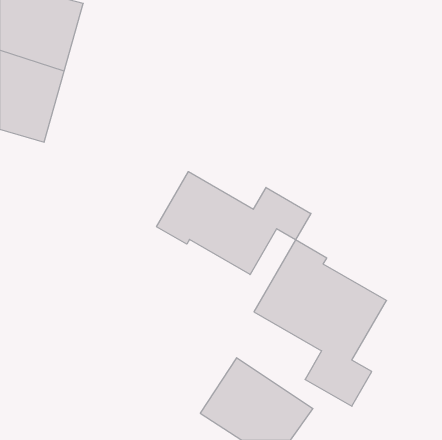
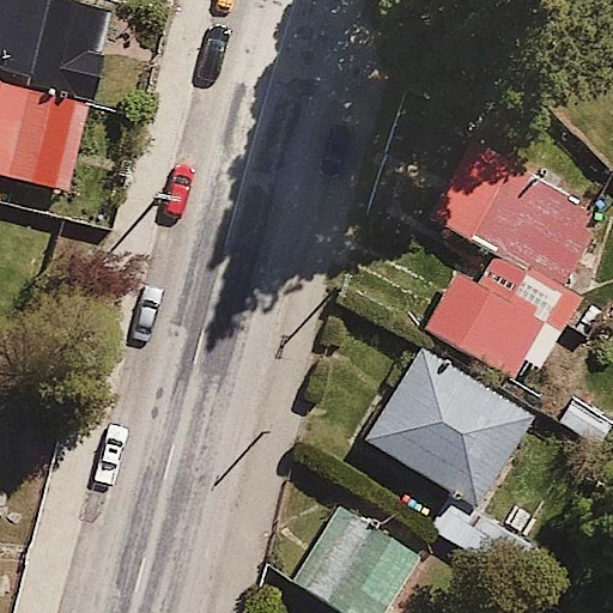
building: none -> [431,177,606,382]
building: [157,172,311,275] -> none

